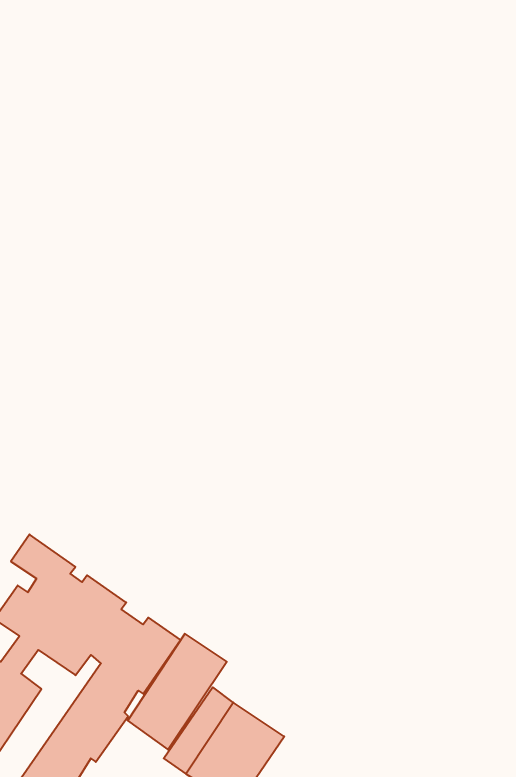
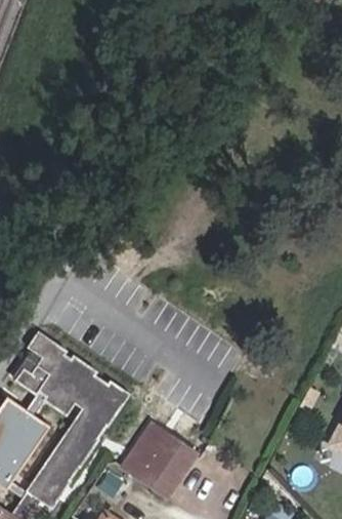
building: [128,634,227,750] -> none

